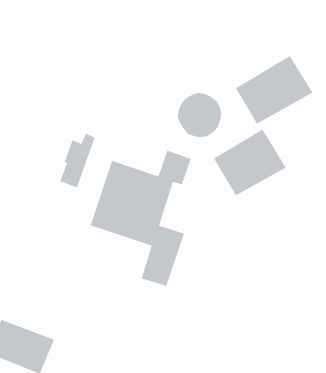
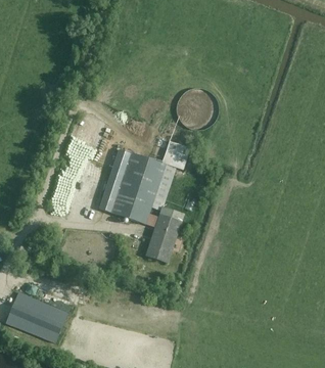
building: [235,55,313,125] -> none
building: [213,129,287,196] -> none

